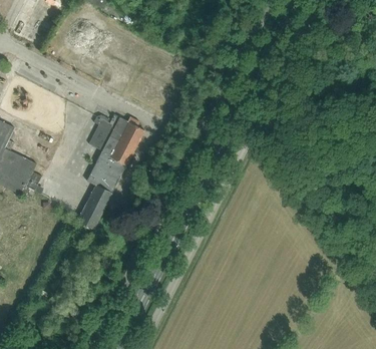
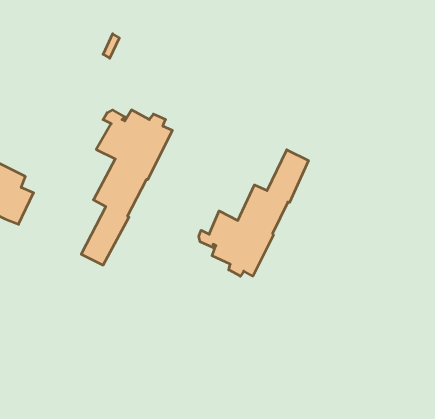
building: none -> [199,150,308,276]

